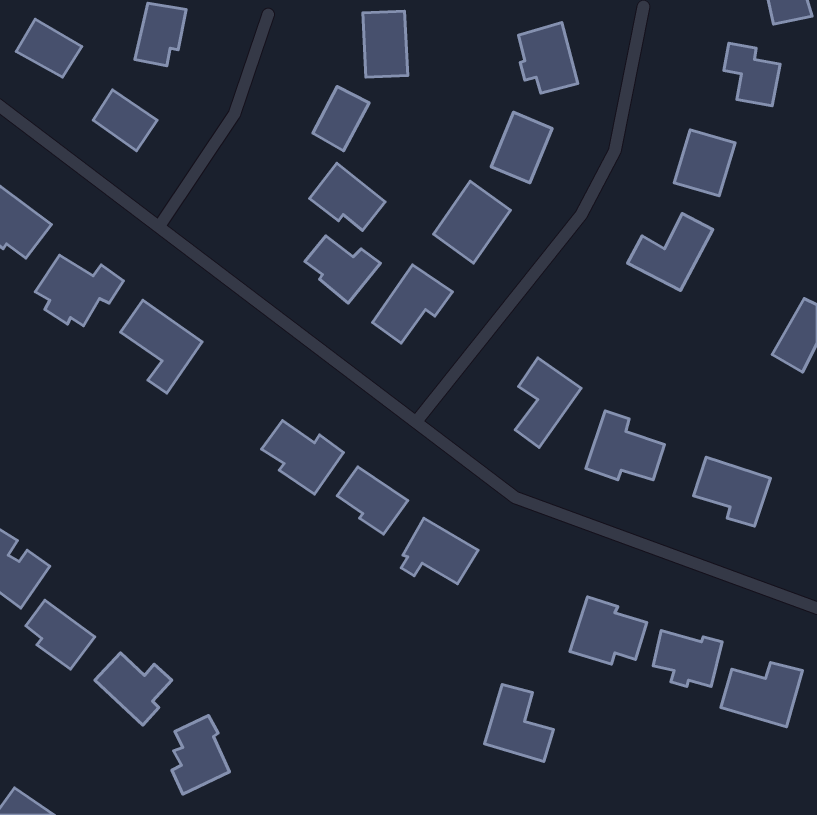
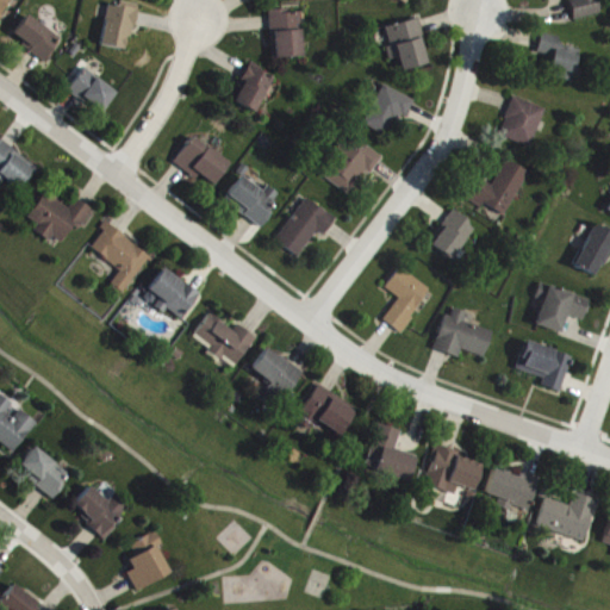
building: [310,163,385,231] -> [174,135,230,185]
building: none -> [428,208,475,260]
building: none -> [142,267,199,318]
building: none -> [533,284,590,331]
building: [484,685,553,762] -> [363,423,415,480]

